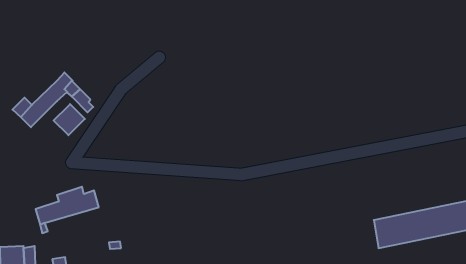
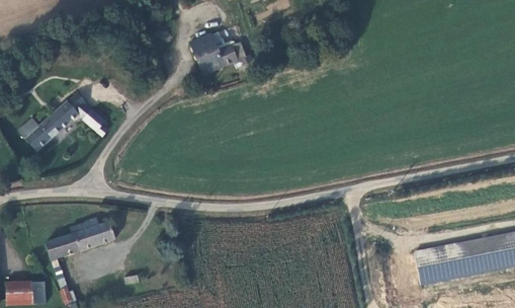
building: none -> [192,34,253,74]
building: [54,104,85,135] -> none

